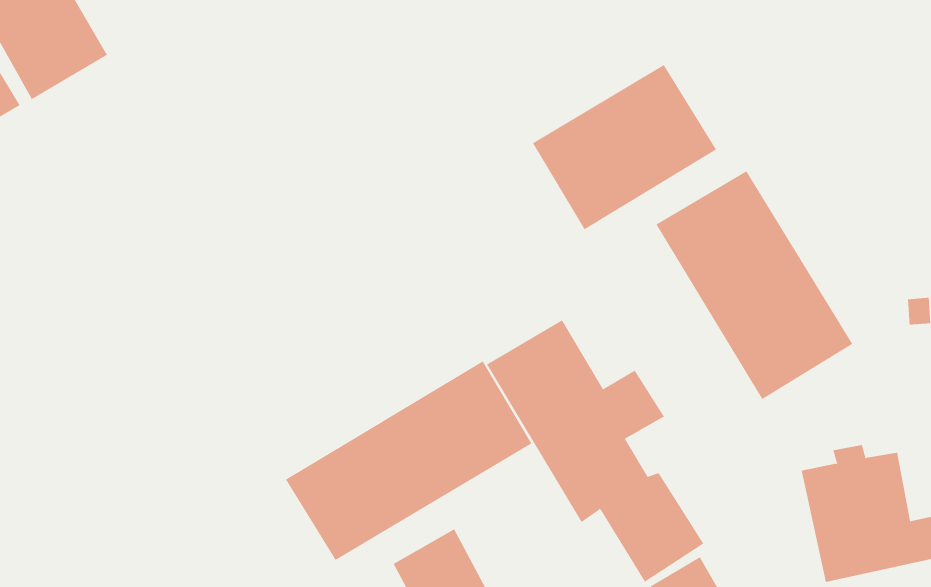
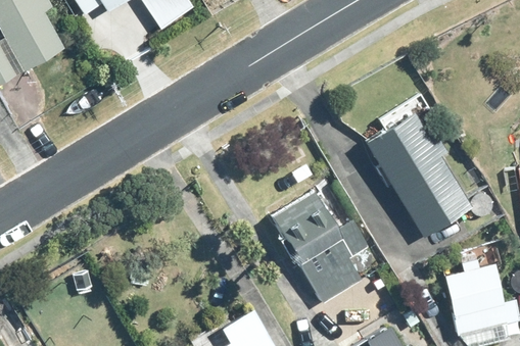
building: [532,64,717,230] -> none
building: [285,361,532,561] -> none

